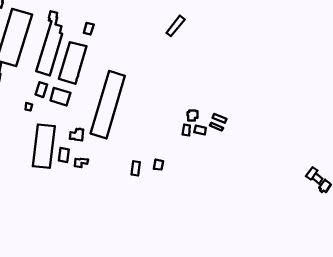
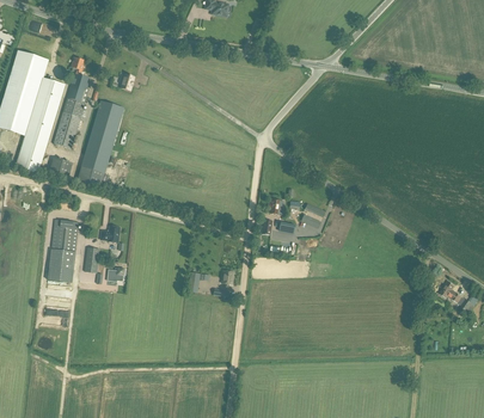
building: [91,71,125,138] -> [16,75,65,172]

